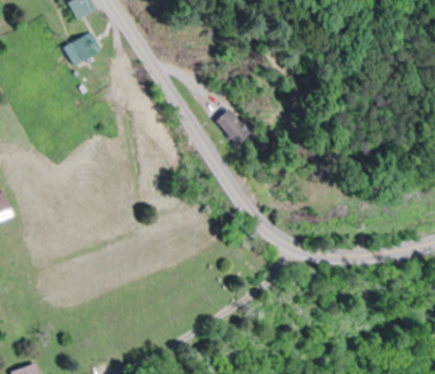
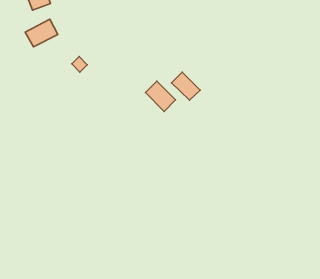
building: none -> [171,72,200,100]

